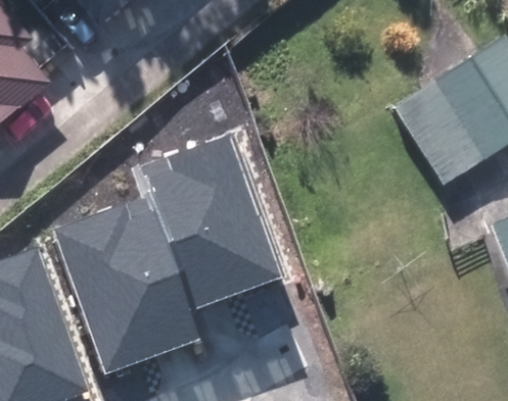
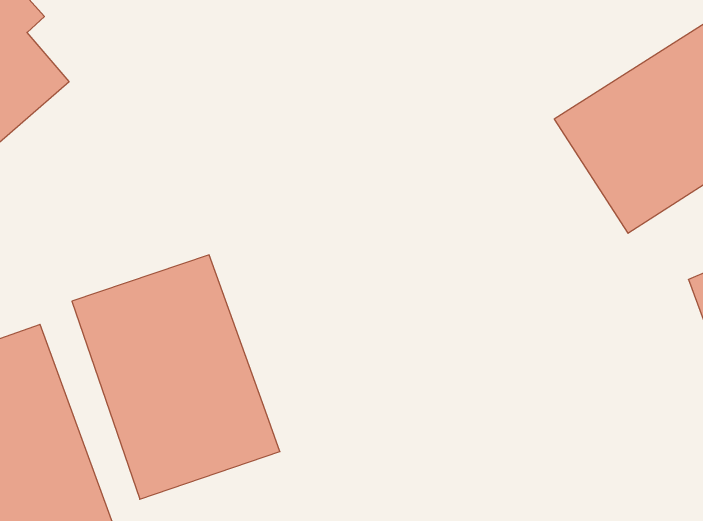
building: [141,133,282,309] -> none

